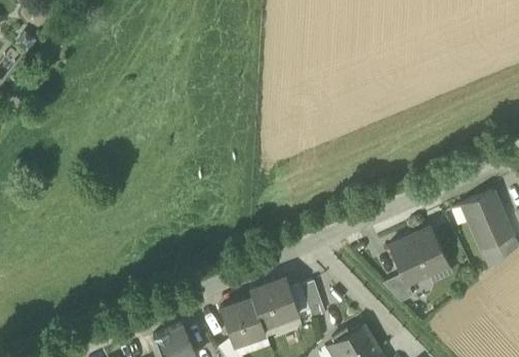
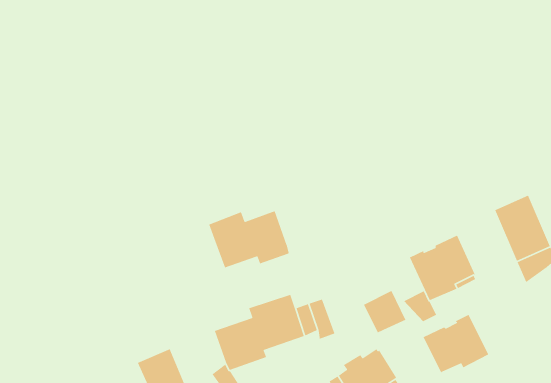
building: none -> [208,210,290,269]
building: none -> [363,290,407,333]
building: none -> [423,314,489,377]

